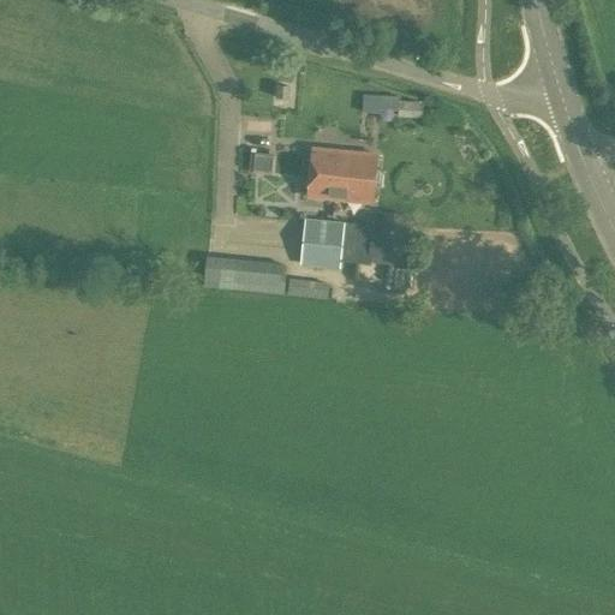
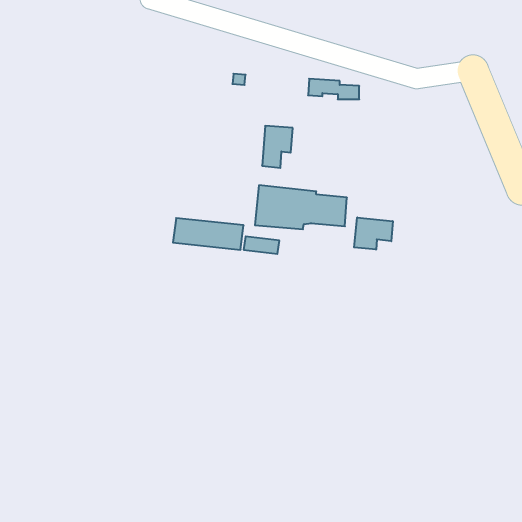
building: [329,150,371,201] -> none
building: none -> [354,217,393,250]

